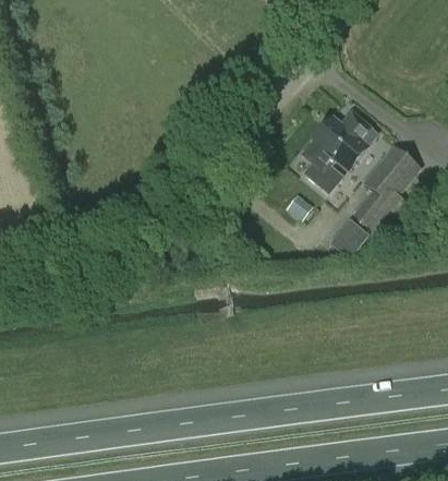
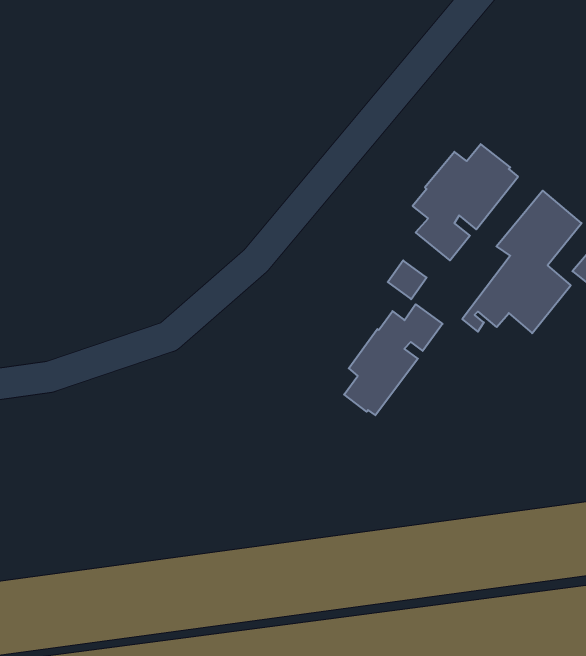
building: none -> [344,304,443,415]

